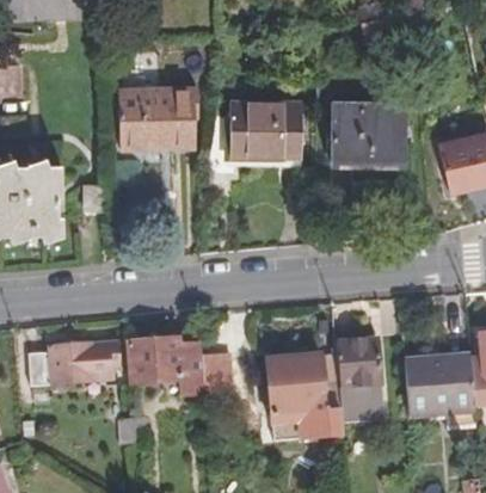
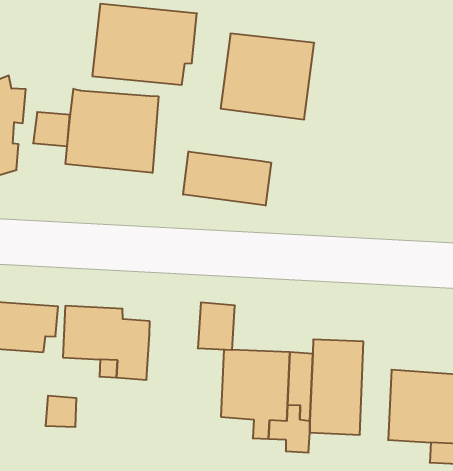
building: [330,100,404,160] -> none
building: none -> [66,89,158,173]
building: none -> [183,151,271,206]
building: [196,355,227,394] -> [198,303,235,350]

